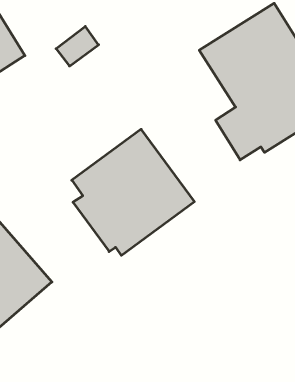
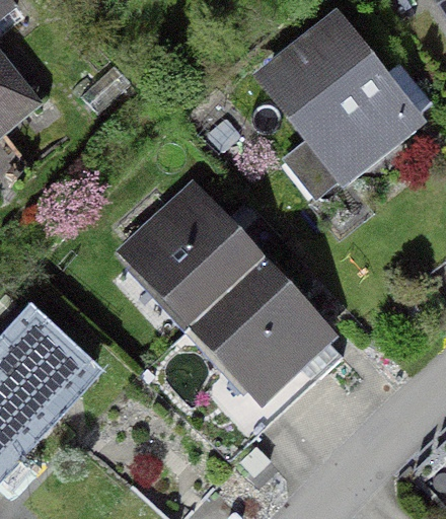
building: none -> [176,256,339,405]

